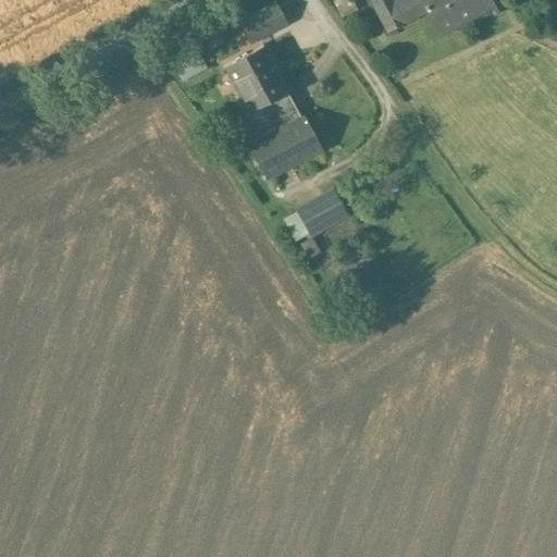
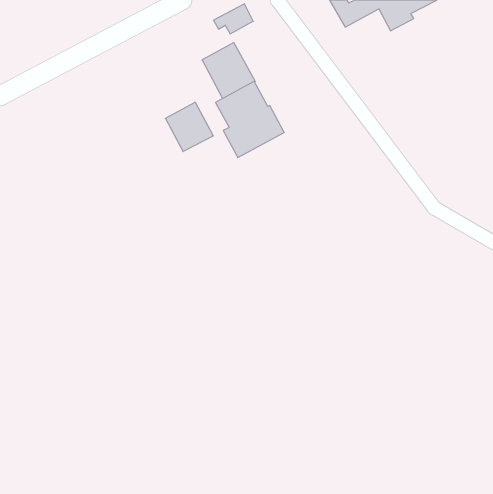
building: none -> [165,102,213,152]
building: [299,191,346,233] -> none

